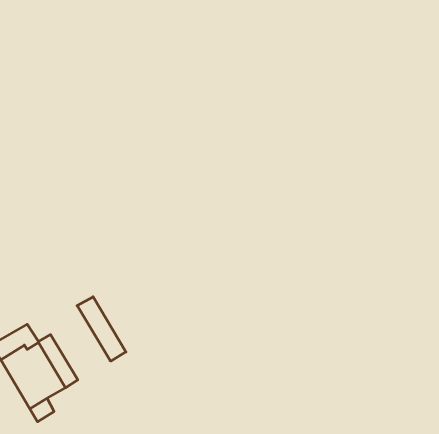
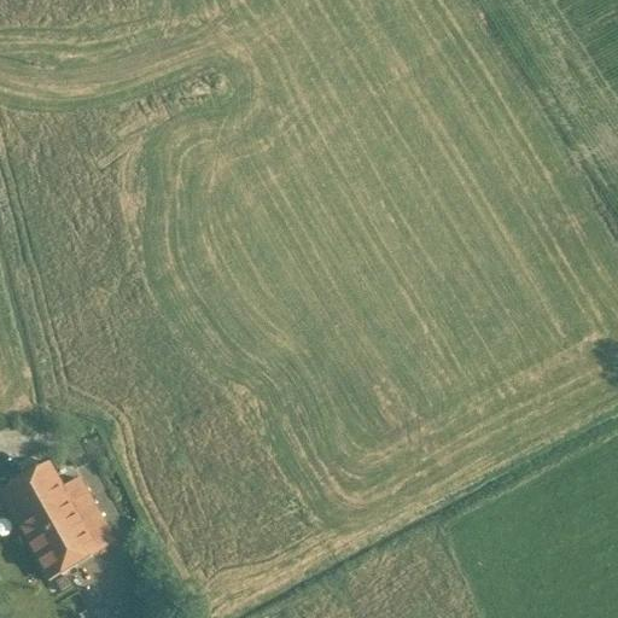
building: [77,297,126,361] -> none
building: none -> [65,526,117,570]

